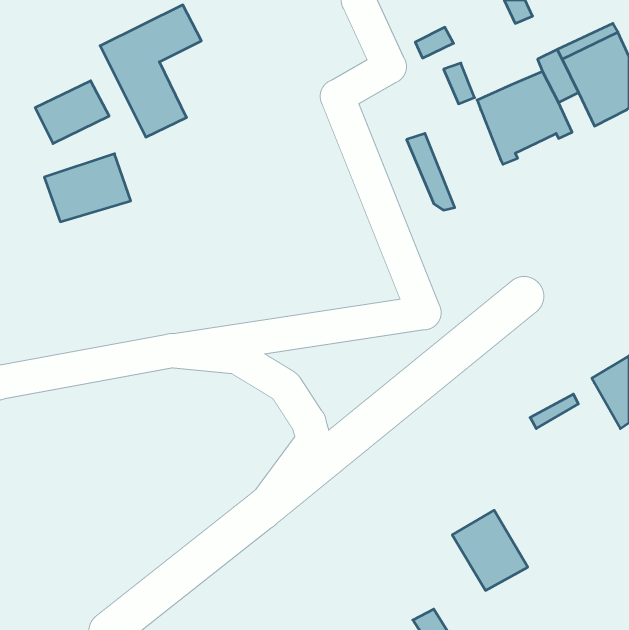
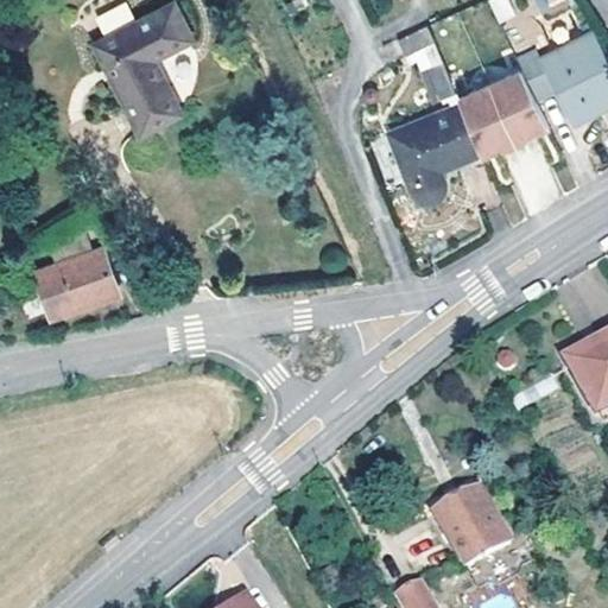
building: [35,81,109,144] -> none
building: none -> [408,107,481,201]
building: [44,154,131,222] -> [36,249,119,315]

